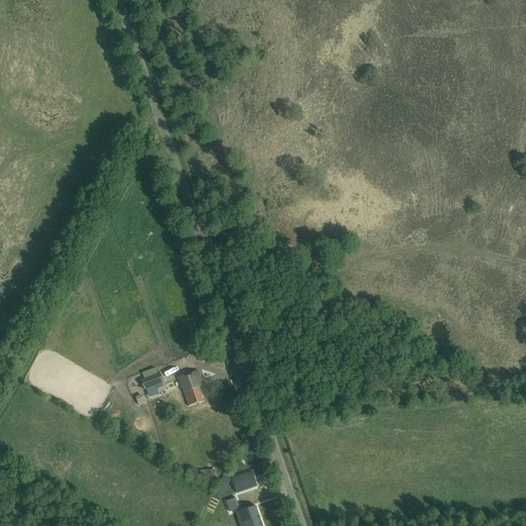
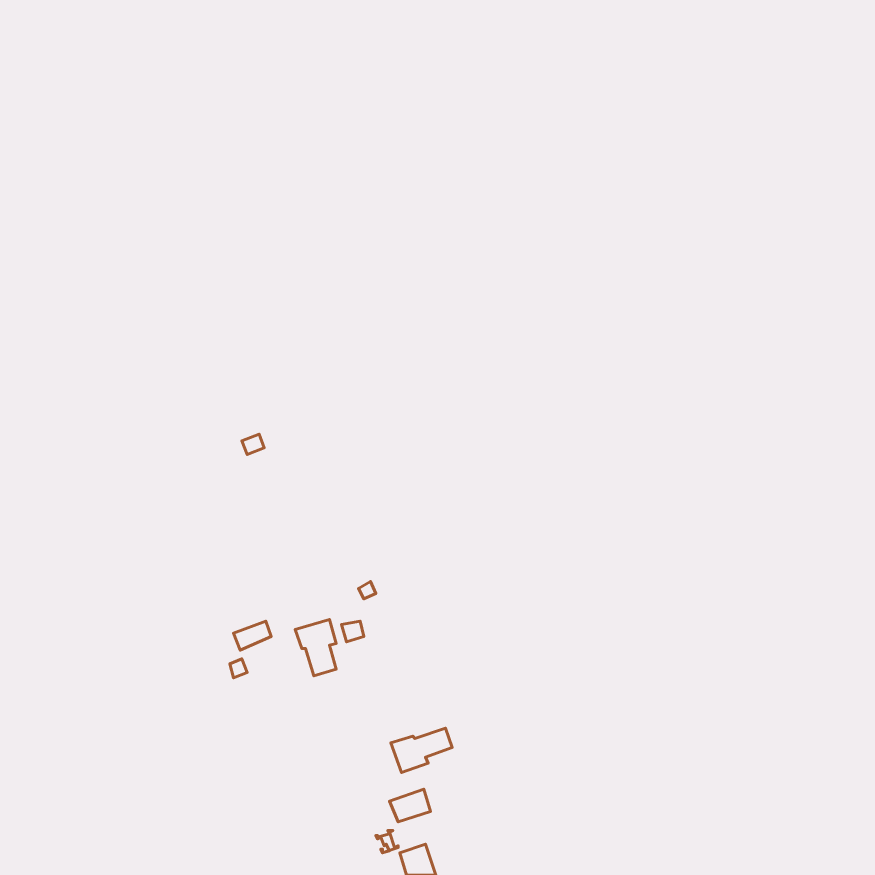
building: none -> [391,728,452,773]

